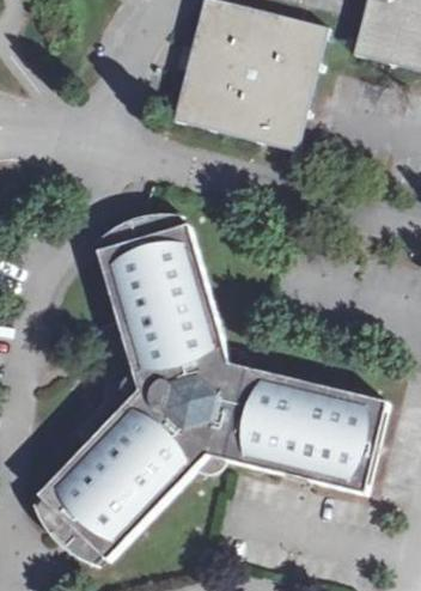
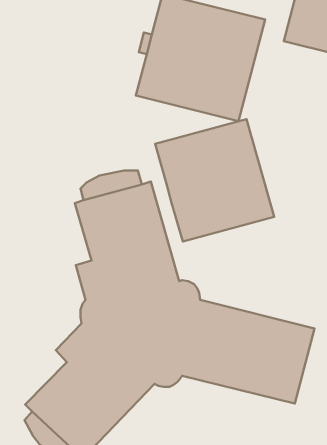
building: none -> [155,119,274,242]

